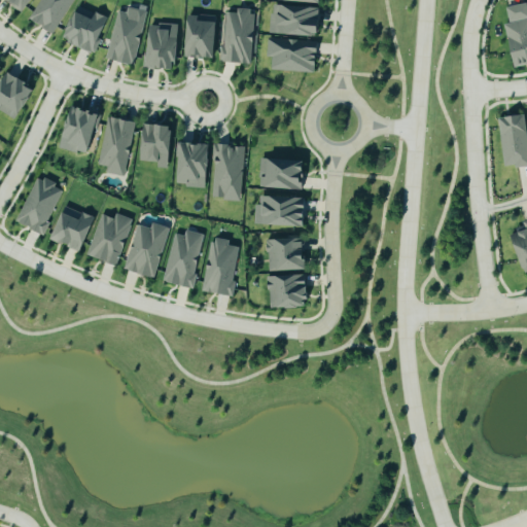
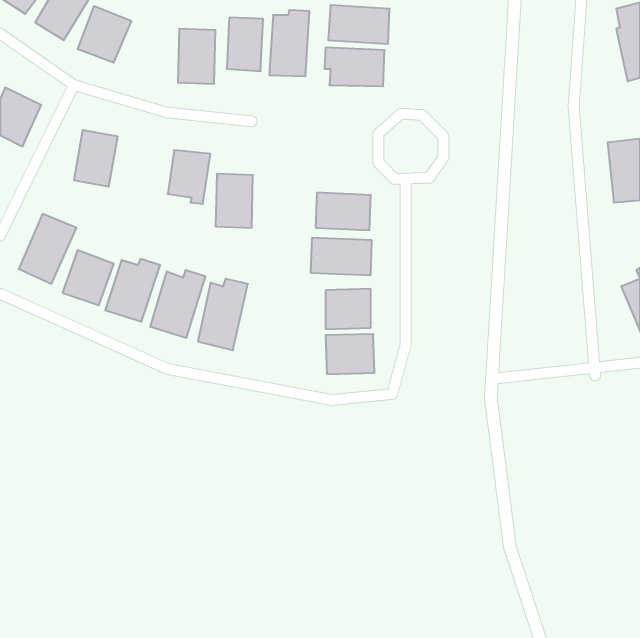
building: [106,5,146,65] -> none
building: [98,116,134,176] -> none
building: [212,144,244,200] -> none
building: [201,237,239,296] -> none

